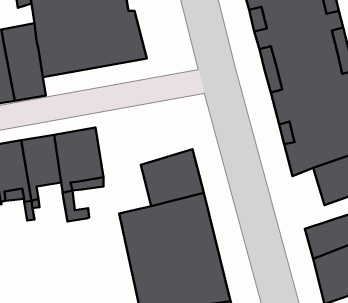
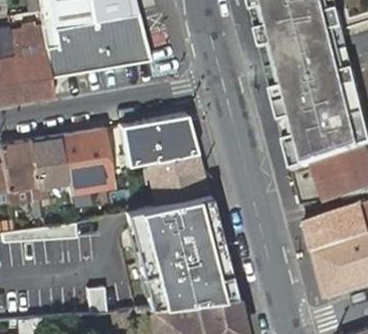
building: none -> [121,115,198,169]

